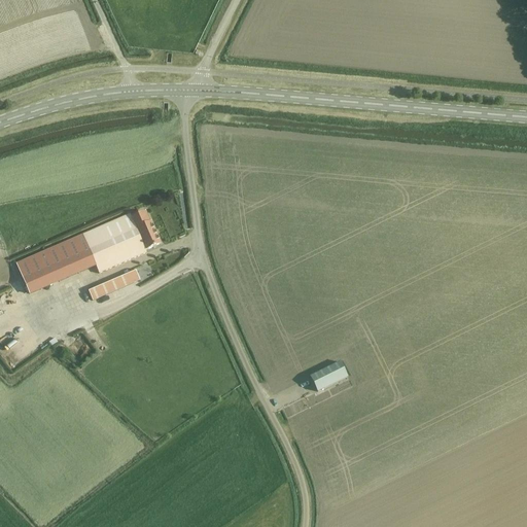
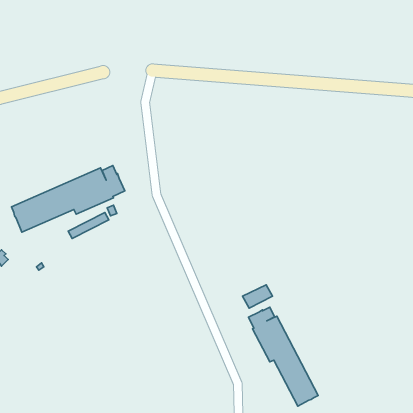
building: none -> [249,307,318,406]

